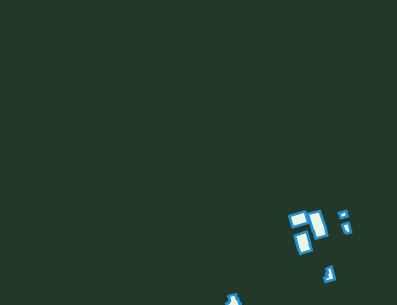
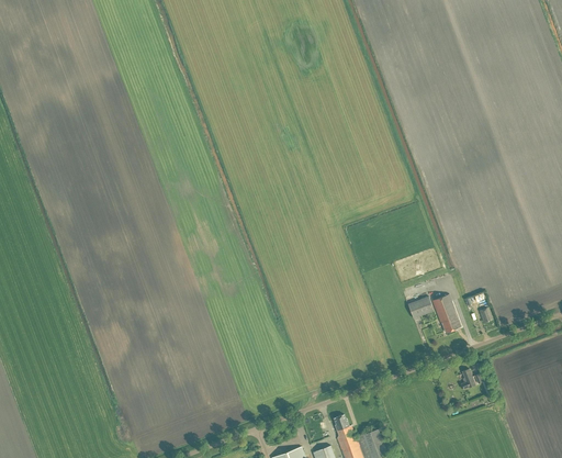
building: [295,232,312,254] -> none

